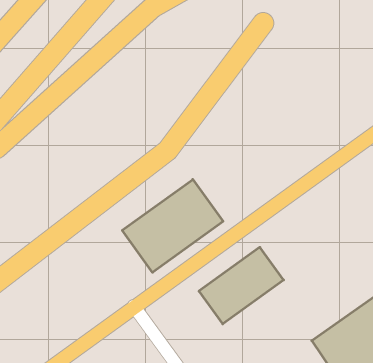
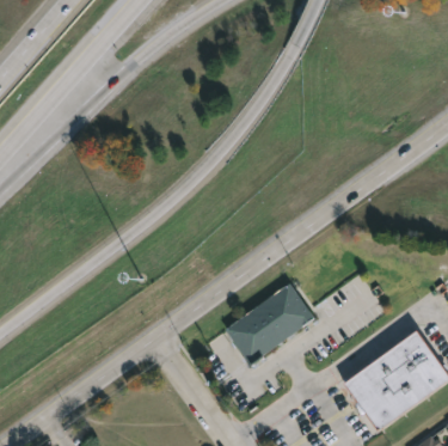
building: [122,179,223,272] -> none

